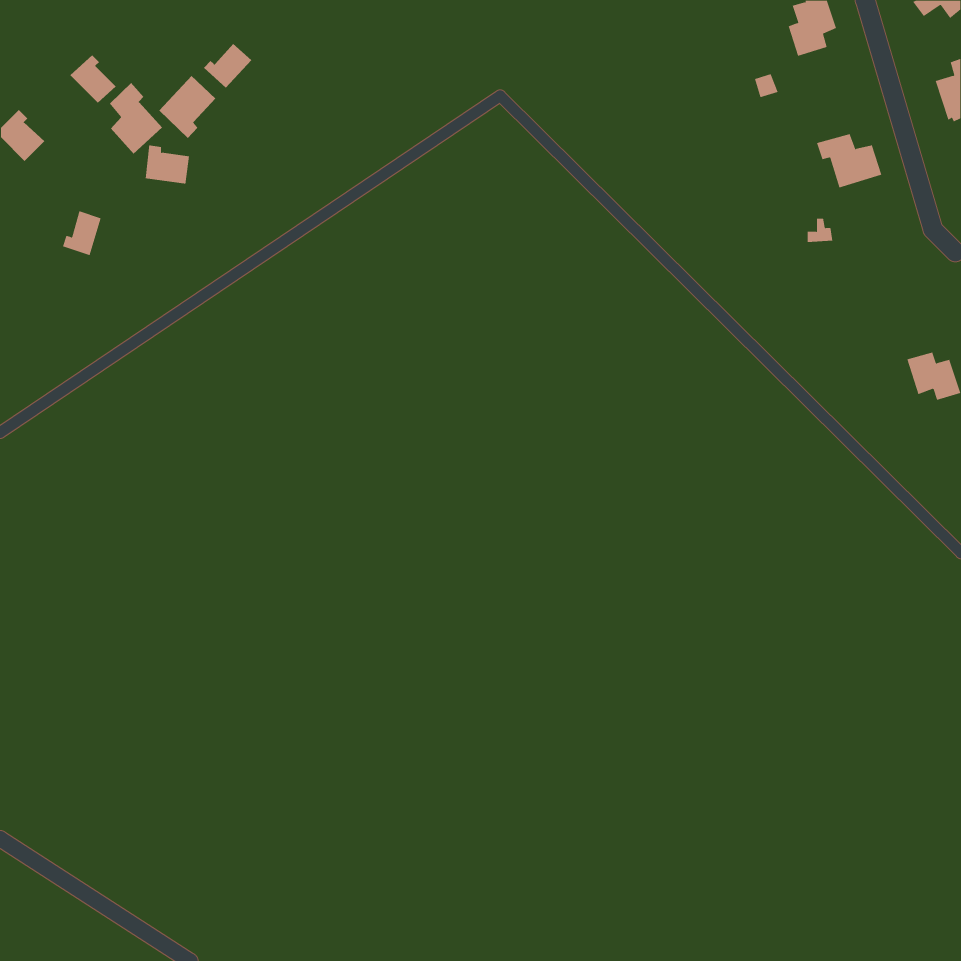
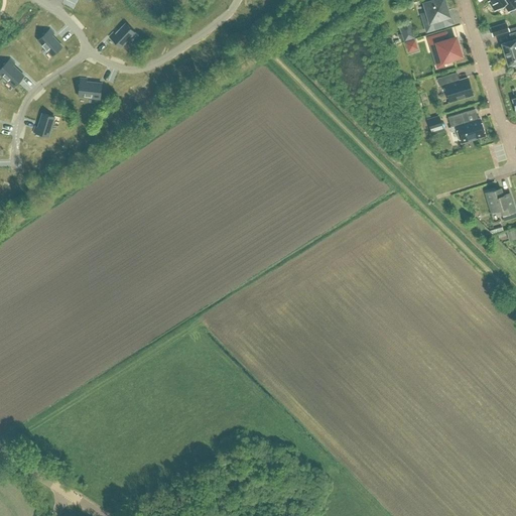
building: none -> [428,32,461,60]
building: [159,75,216,139] -> none
building: [109,82,163,154] -> none
building: none -> [447,112,485,143]

